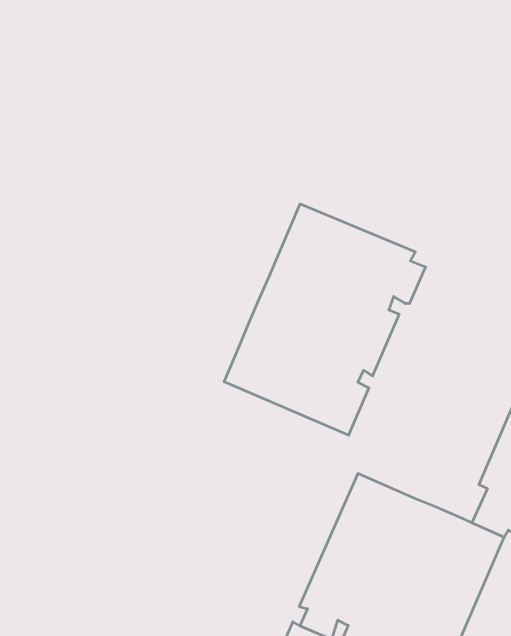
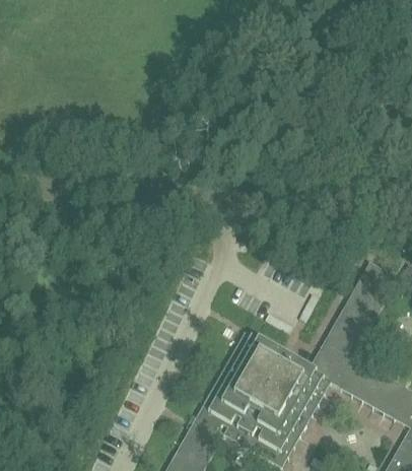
building: [224,204,425,435] -> none

